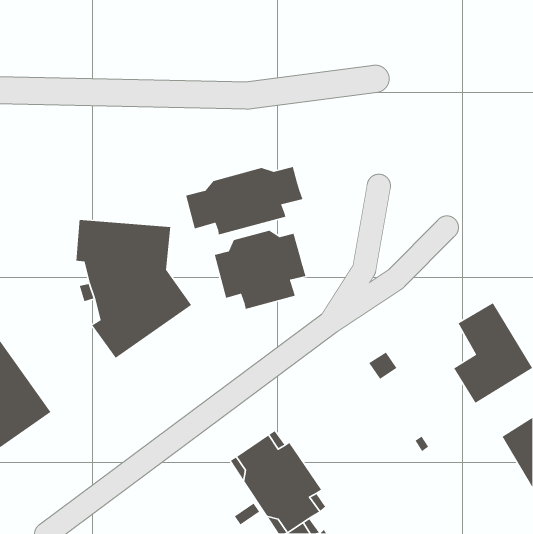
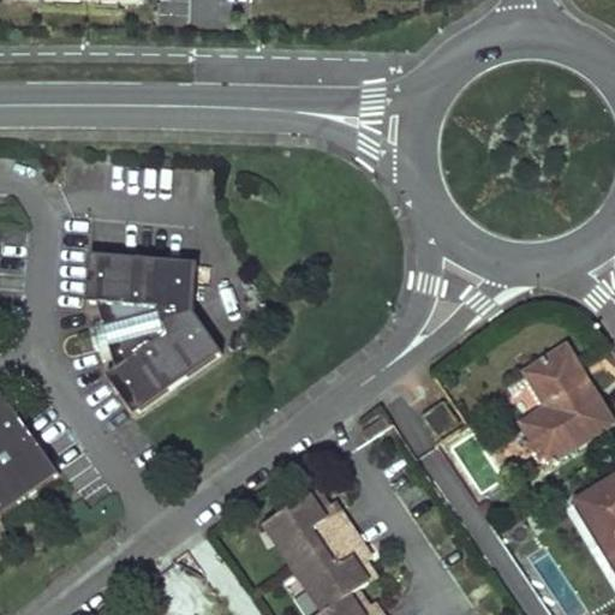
building: [185,166,303,235] -> none
building: [214,230,307,310] -> none

